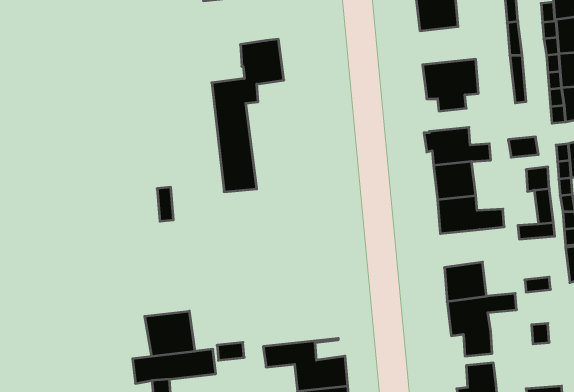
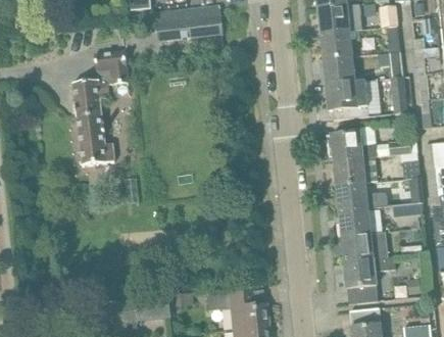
building: none -> [324,55,365,84]
building: [212,39,284,192] -> [73,50,128,164]
building: none -> [339,207,371,236]
building: [145,311,195,356] -> none

